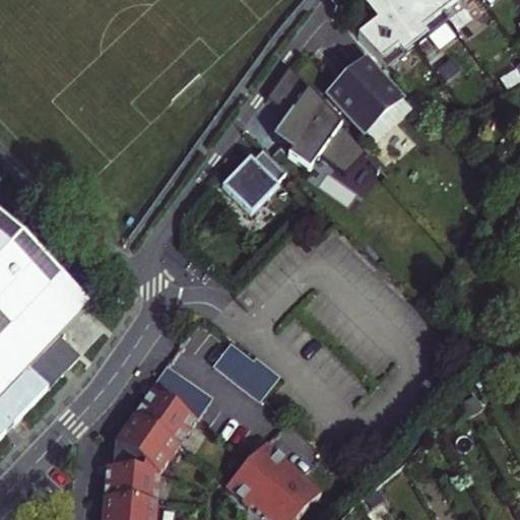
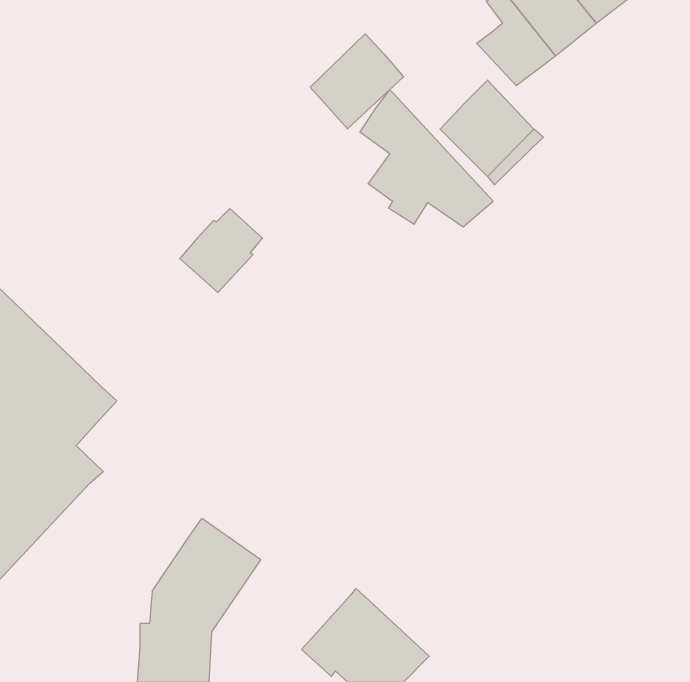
building: none -> [310,34,404,129]
building: [225,153,287,216] -> [180,208,263,293]
building: [213,343,279,399] -> none
building: [149,365,210,418] -> none

